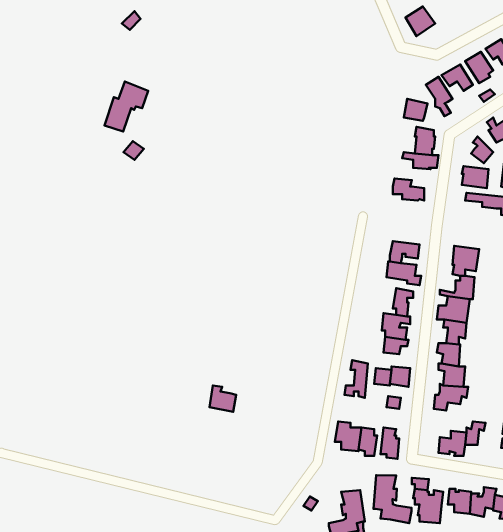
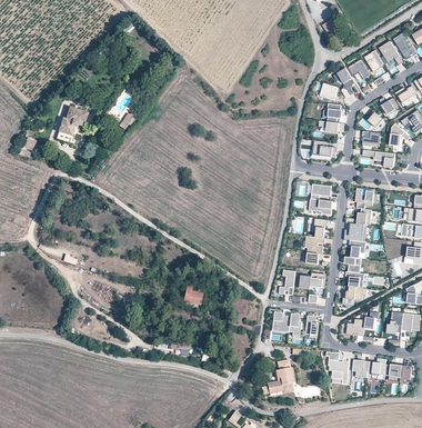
building: [104,82,148,132] -> [56,107,87,142]
building: [373,475,412,523] -> none

